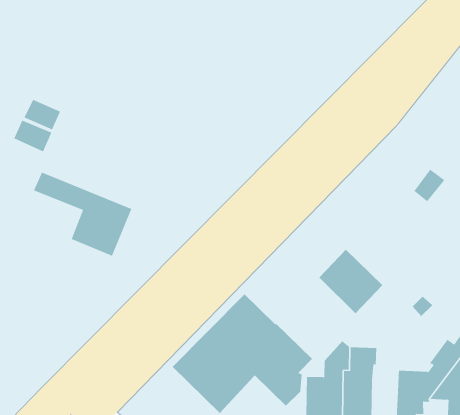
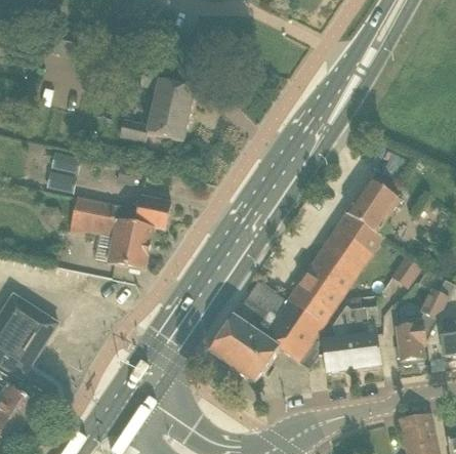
building: none -> [118,68,196,141]
building: none -> [74,196,171,230]
building: none -> [335,179,400,254]
building: none -> [288,257,353,325]

